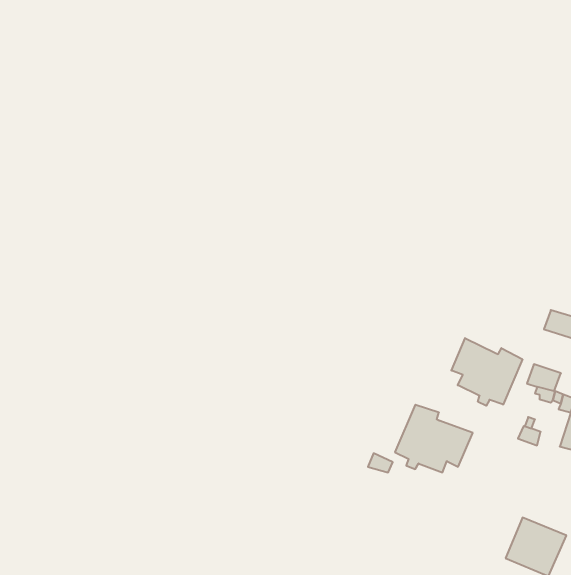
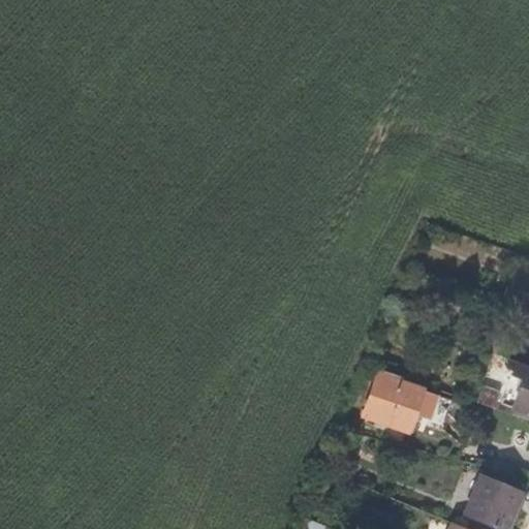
building: [451,338,522,406] -> none

